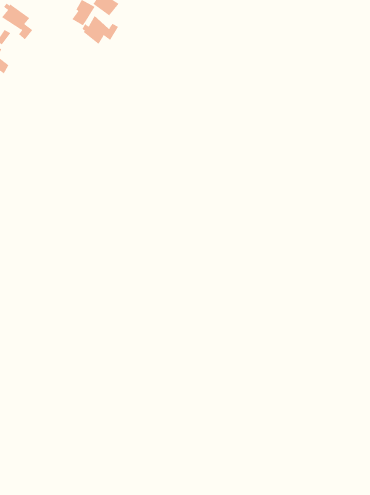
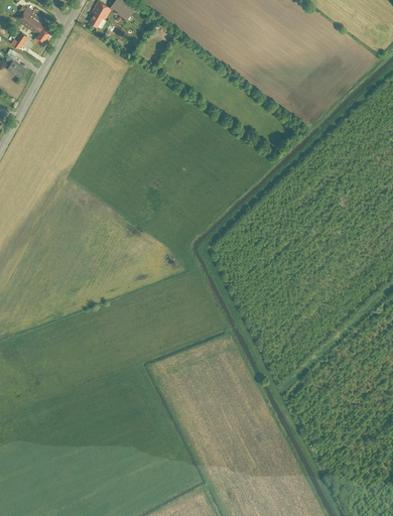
building: [82,15,119,45] -> none

